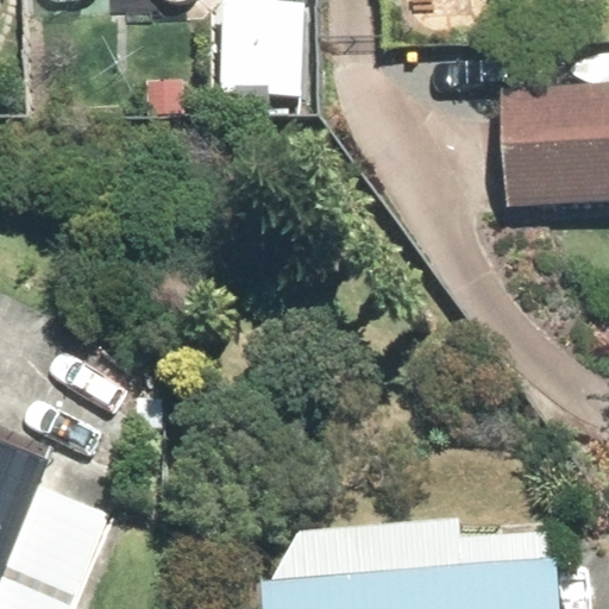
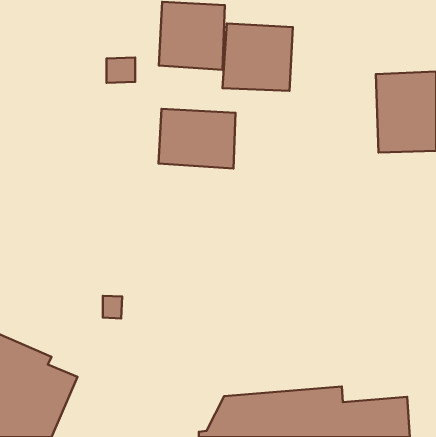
building: none -> [222,23,293,91]
building: none -> [158,109,236,168]

